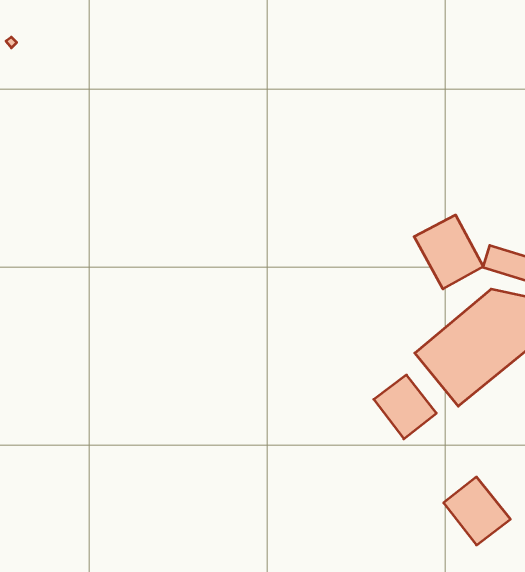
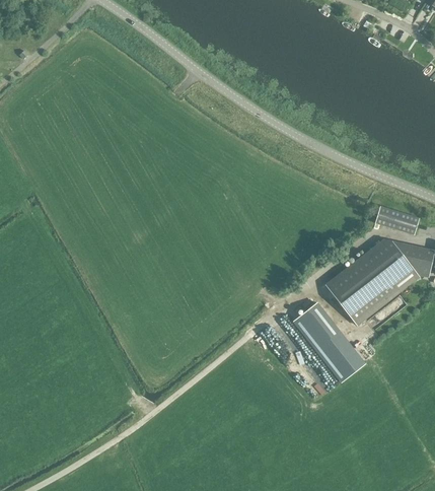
building: [414,215,483,289] -> none
building: [444,477,510,545] -> [315,331,365,381]

